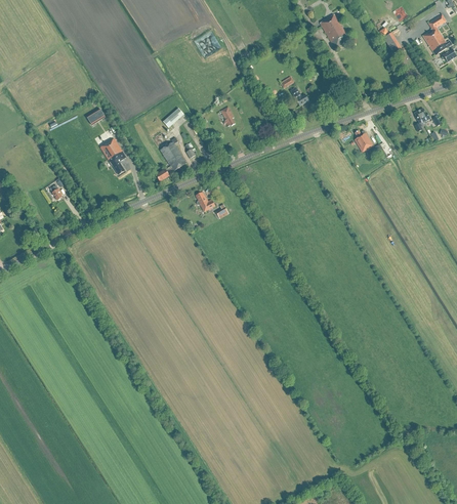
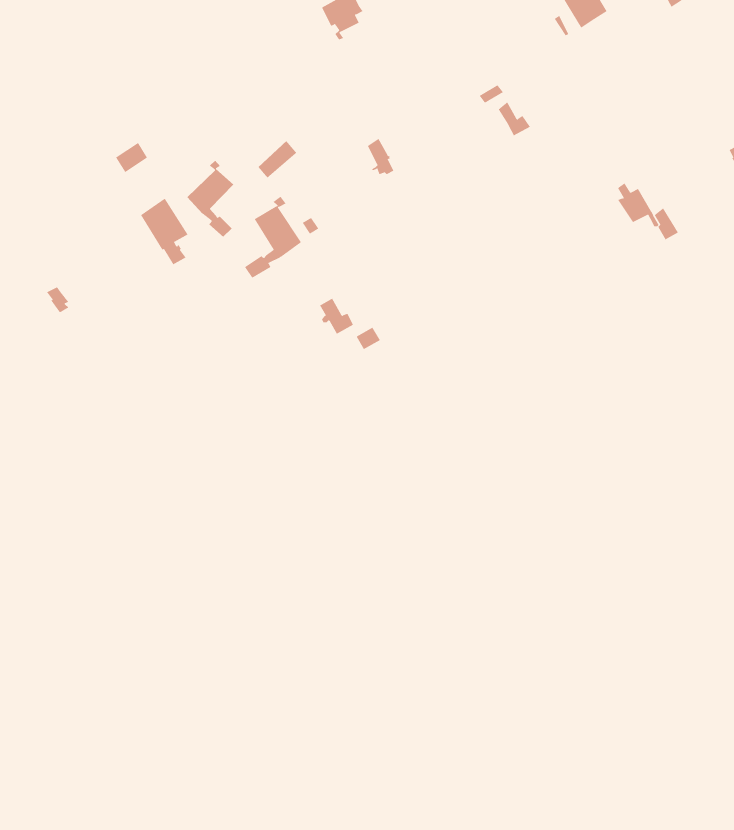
building: none -> [187,160,234,238]

